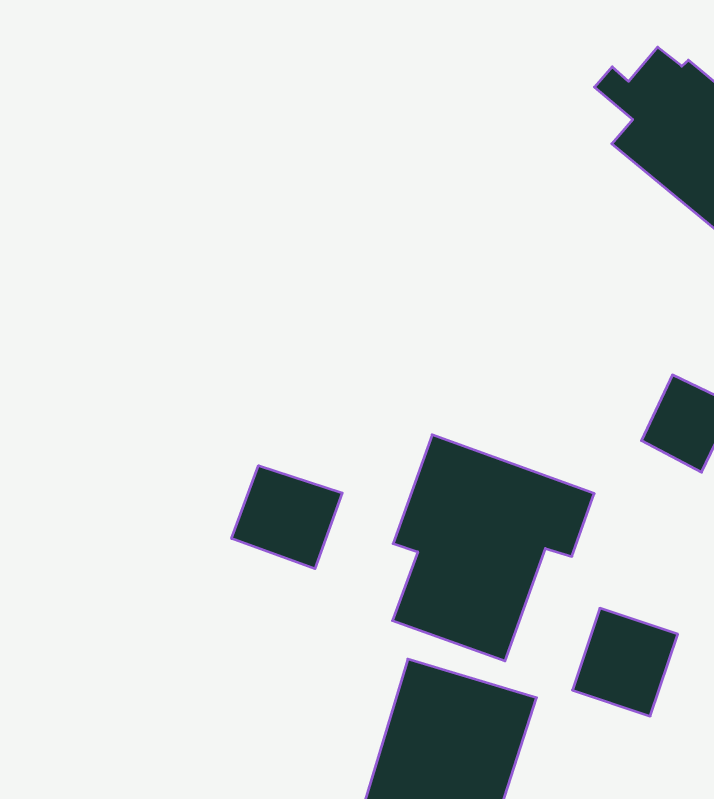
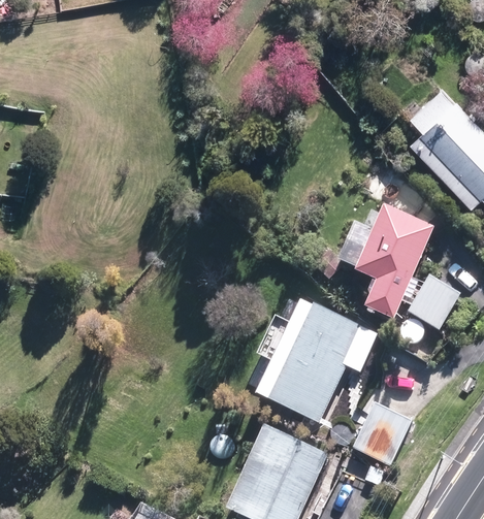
building: none -> [316,206,432,323]
building: [232,466,342,569] -> none

